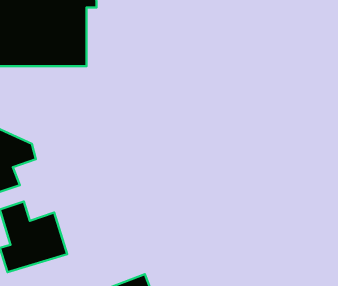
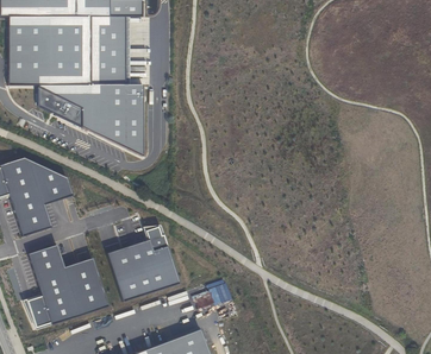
building: none -> [36,83,144,157]
building: none -> [107,225,176,299]

